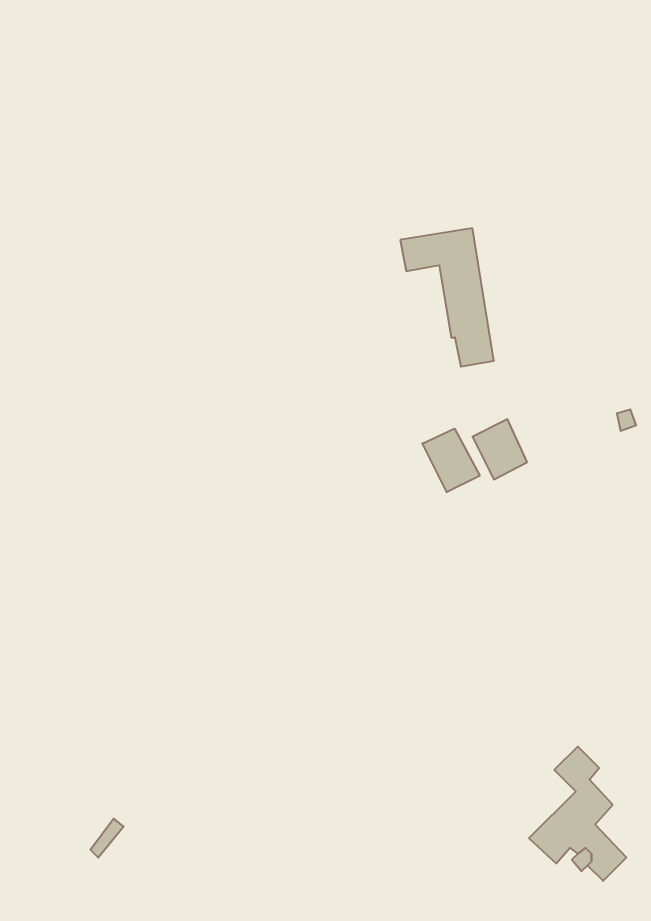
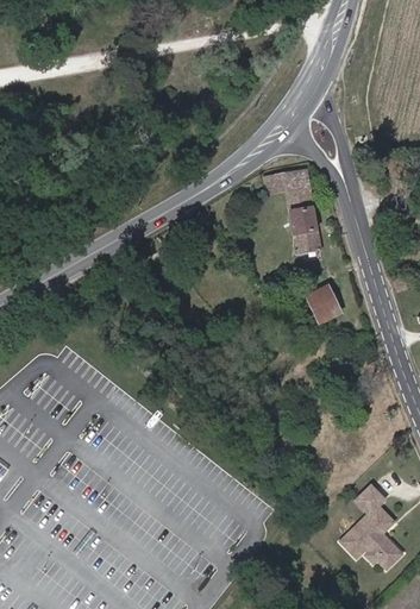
building: [422,429,480,492] -> none

